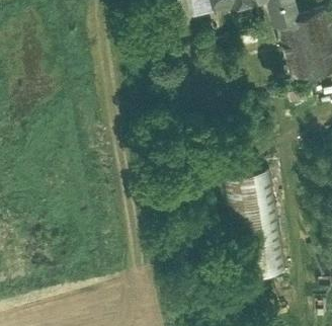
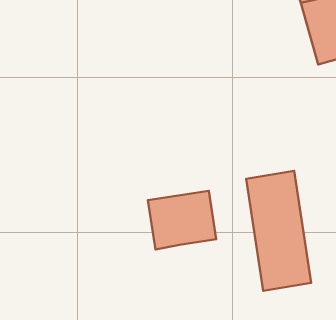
building: none -> [148,191,216,249]

